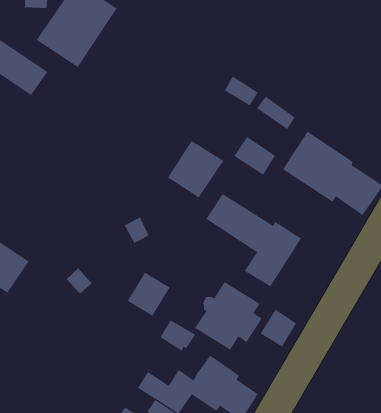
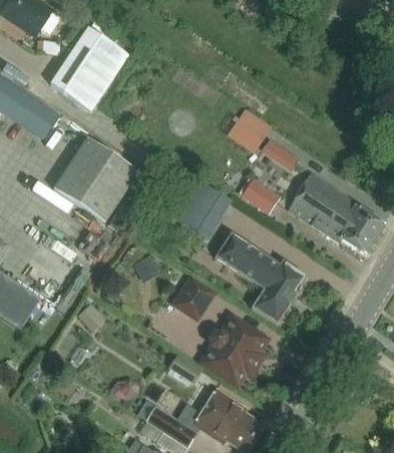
building: none -> [54,137,138,221]
building: [127,272,170,316] -> [172,278,215,321]
building: [260,309,297,347] -> none

